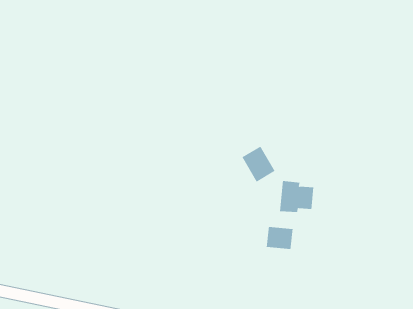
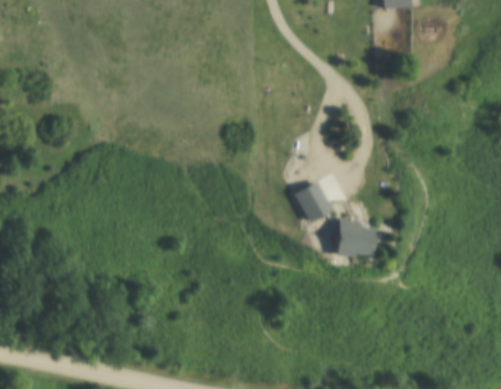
building: [266,226,293,250] -> none

